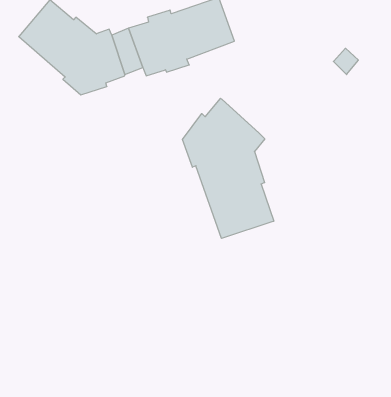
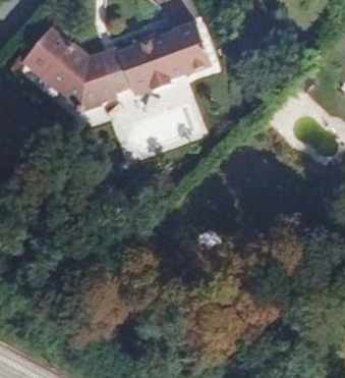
building: [183,98,274,238] -> none

